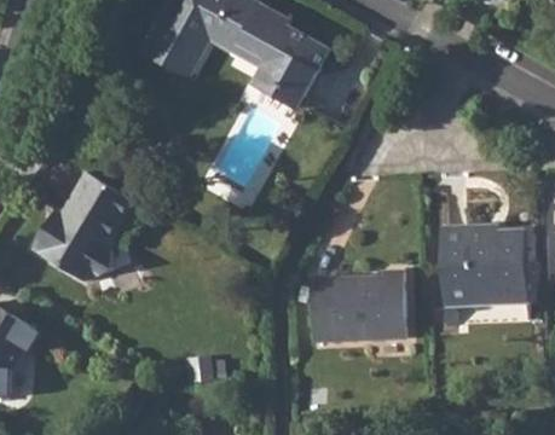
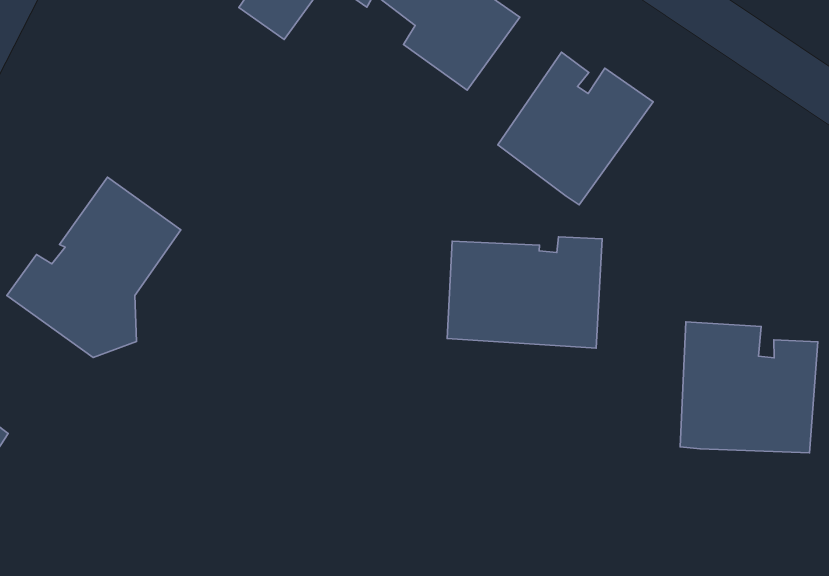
building: none -> [498,52,653,205]
building: [313,271,406,340] -> [447,237,602,348]

